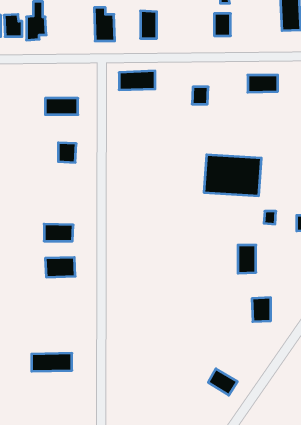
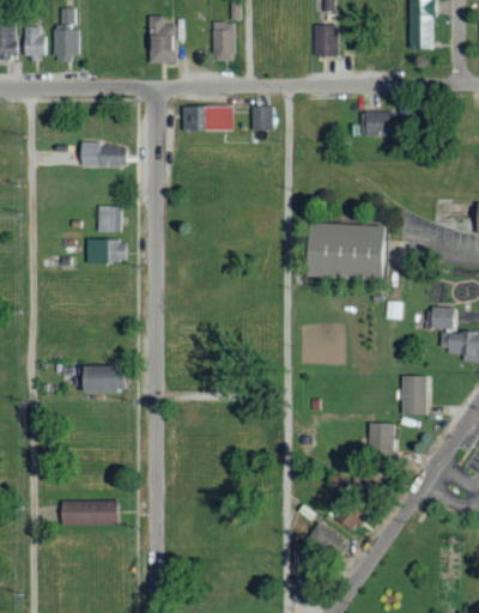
building: [192,87,208,104] -> [251,105,274,129]
building: [44,224,73,241] -> [86,238,127,262]
building: [238,245,256,273] -> [402,375,428,414]

